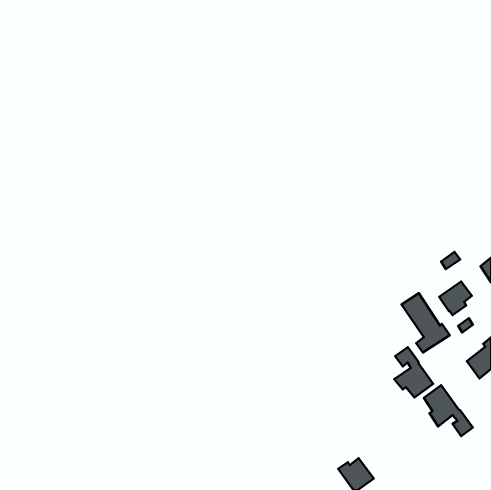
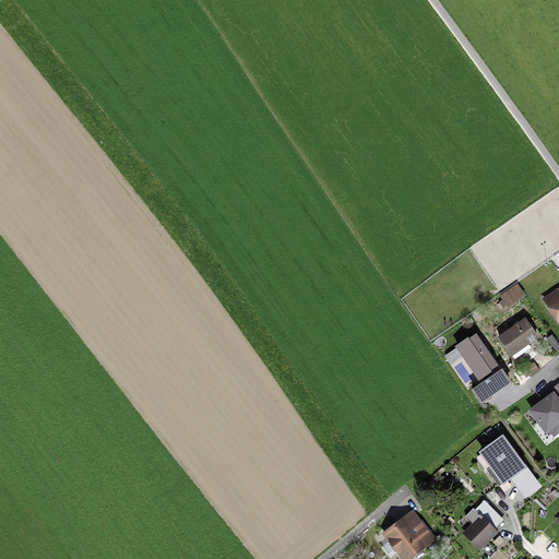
building: [394,347,433,397] -> none
building: none -> [464,500,498,547]

